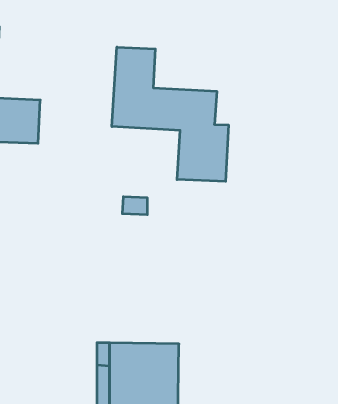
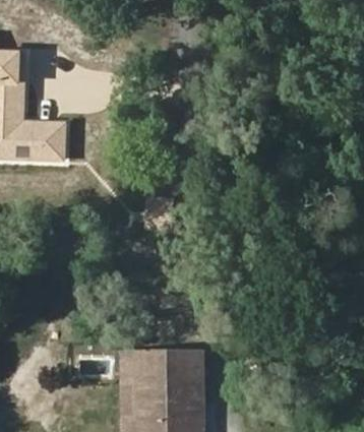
building: [112,47,228,181] -> none

